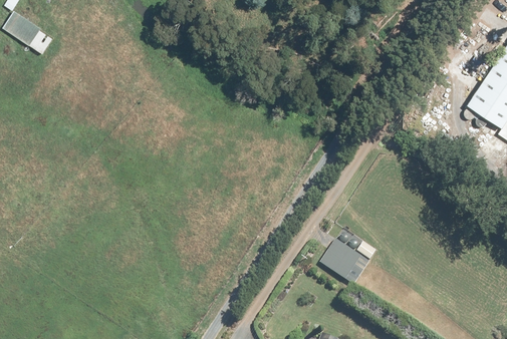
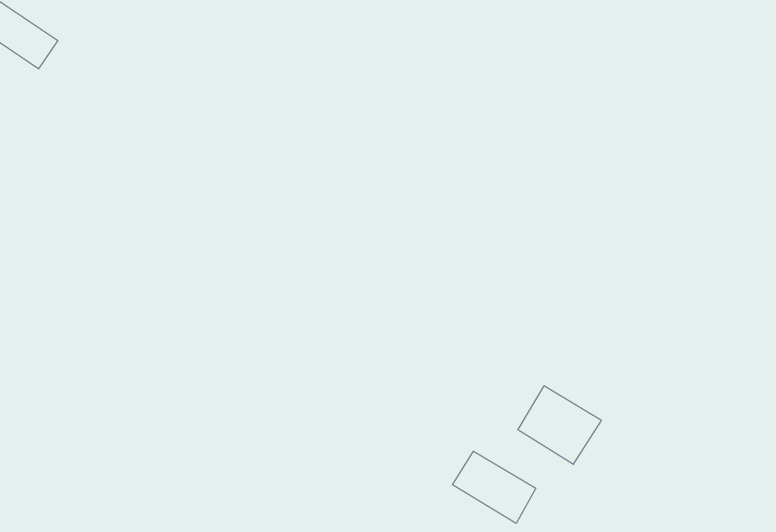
building: none -> [453,451,536,523]

